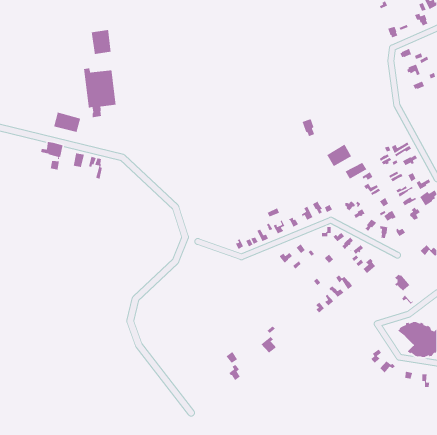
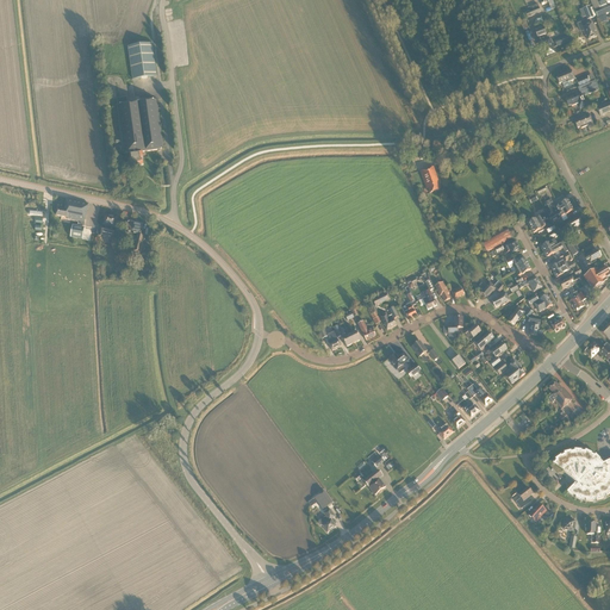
building: [53,112,81,133] -> none
building: [326,144,352,167] -> none

